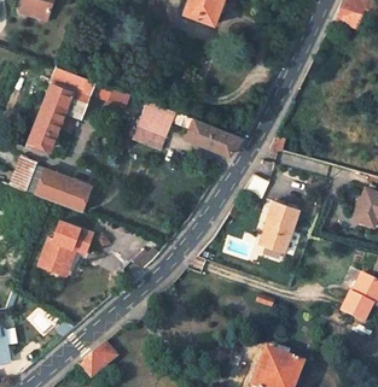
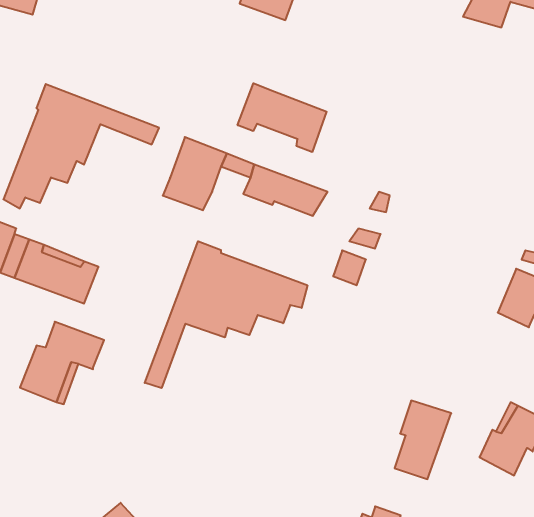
building: none -> [238,83,327,152]
building: none -> [145,241,307,388]
building: [263,201,301,253] -> [395,401,451,479]

